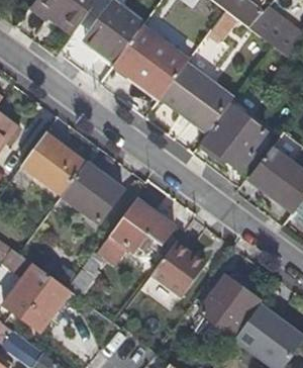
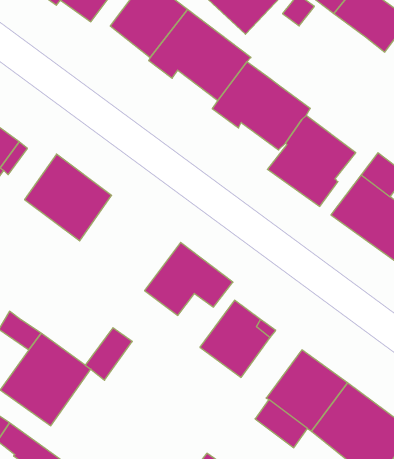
building: [64,163,124,222] -> none

